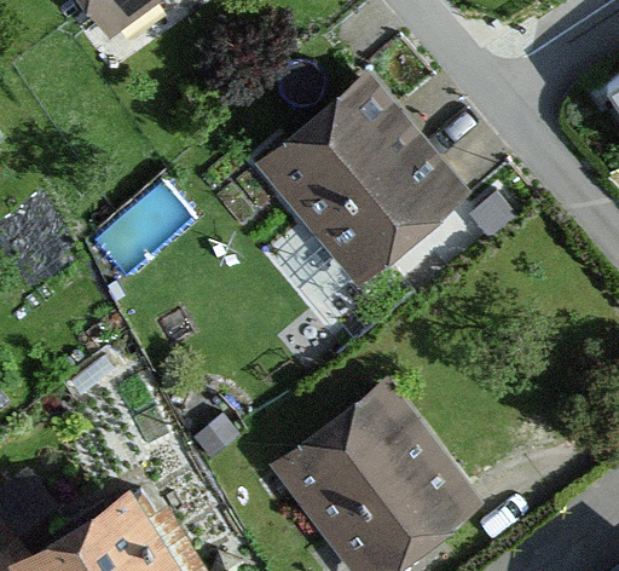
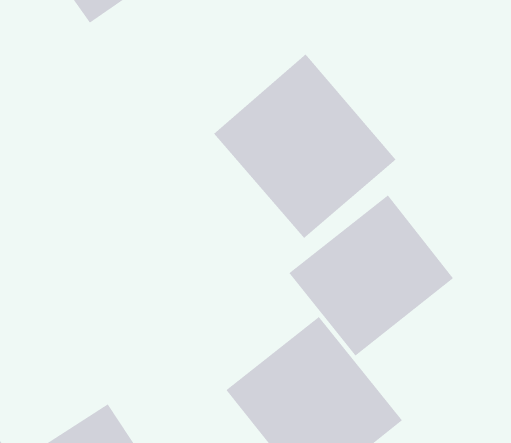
building: none -> [289,195,454,357]

